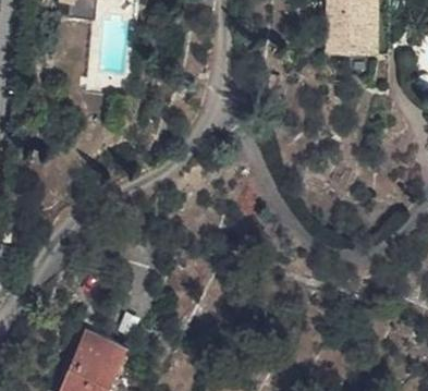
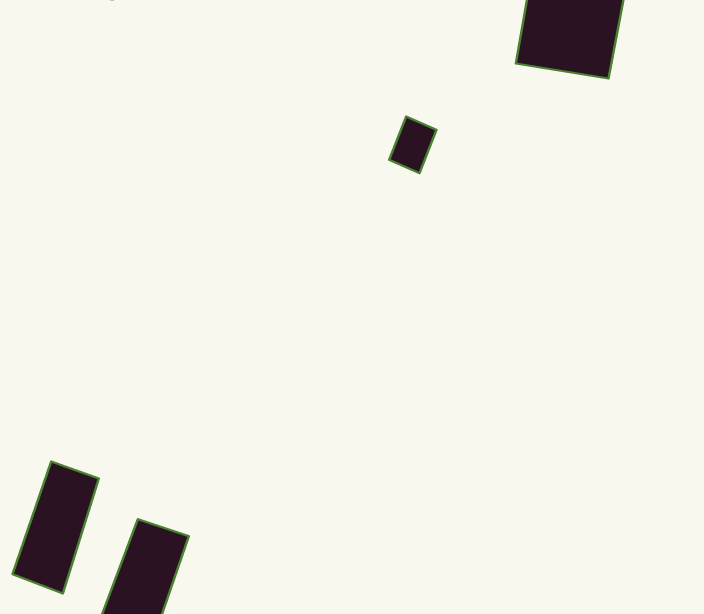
building: none -> [13,461,99,593]

